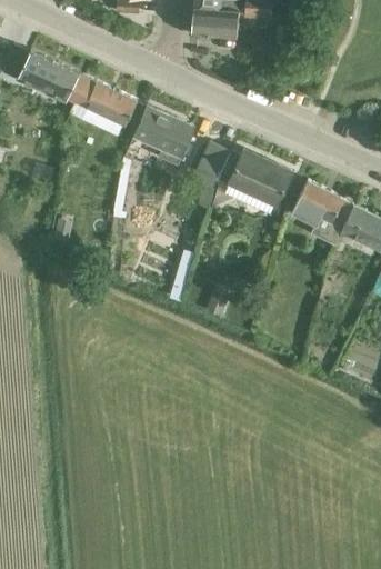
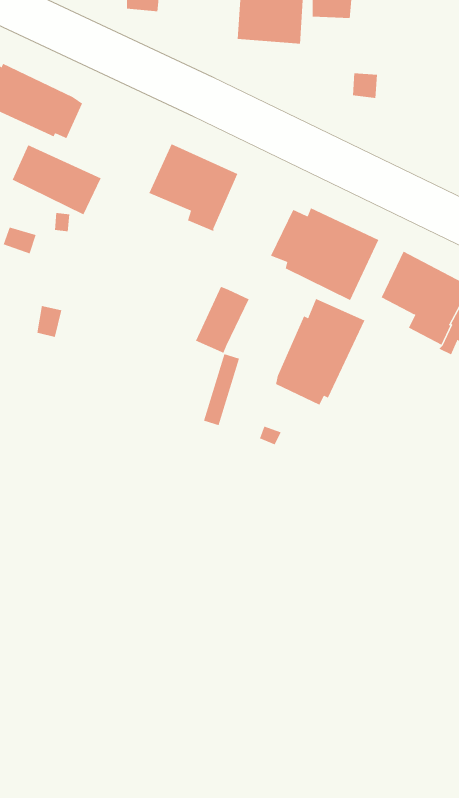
building: [76,78,138,127] -> [12,145,102,215]
building: [194,142,232,189] -> [195,286,250,354]
building: none -> [275,298,365,406]

